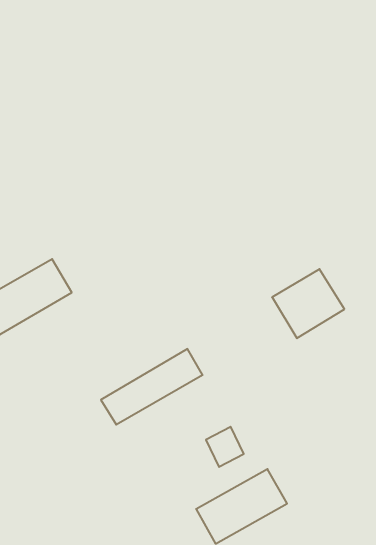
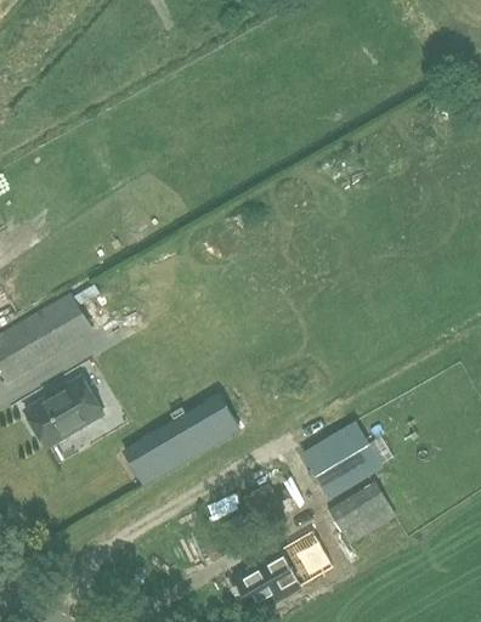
building: [272,269,344,338] -> [300,420,381,498]
building: none -> [24,377,103,448]
building: none -> [329,485,395,544]

